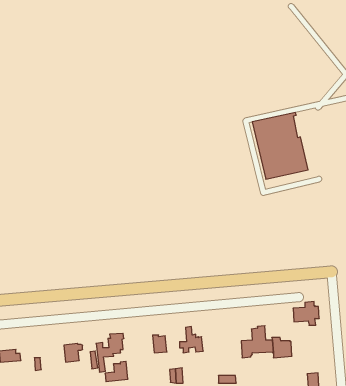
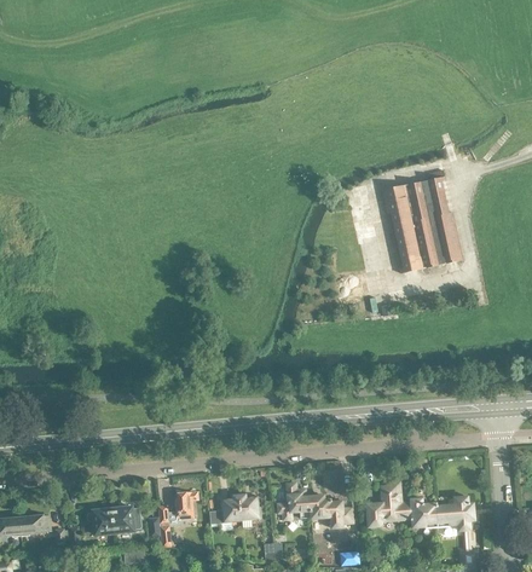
building: [293,302,319,325] -> [439,496,476,530]
building: none -> [311,496,345,530]
building: none -> [87,509,116,535]
building: [105,361,128,382] -> [210,495,243,524]

